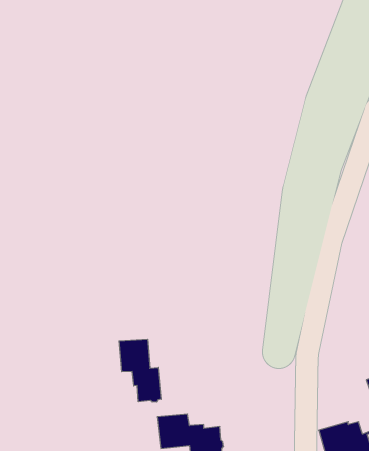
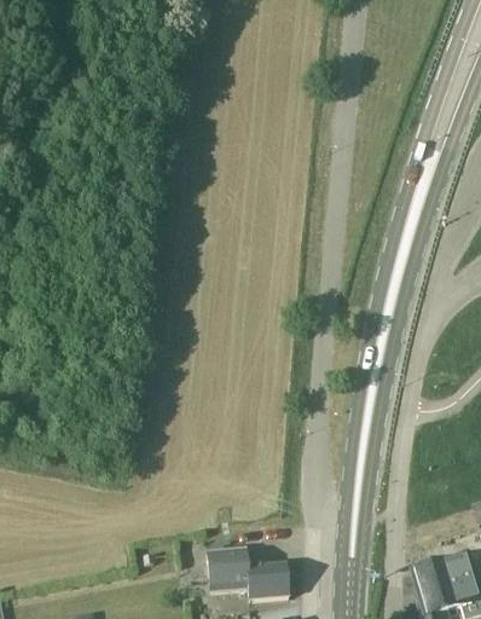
building: [119,339,161,402] -> none

